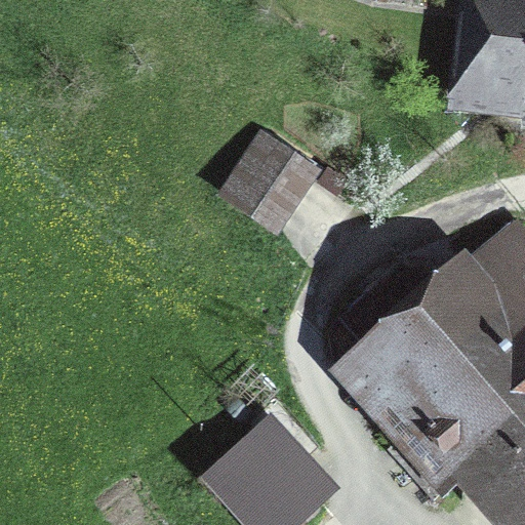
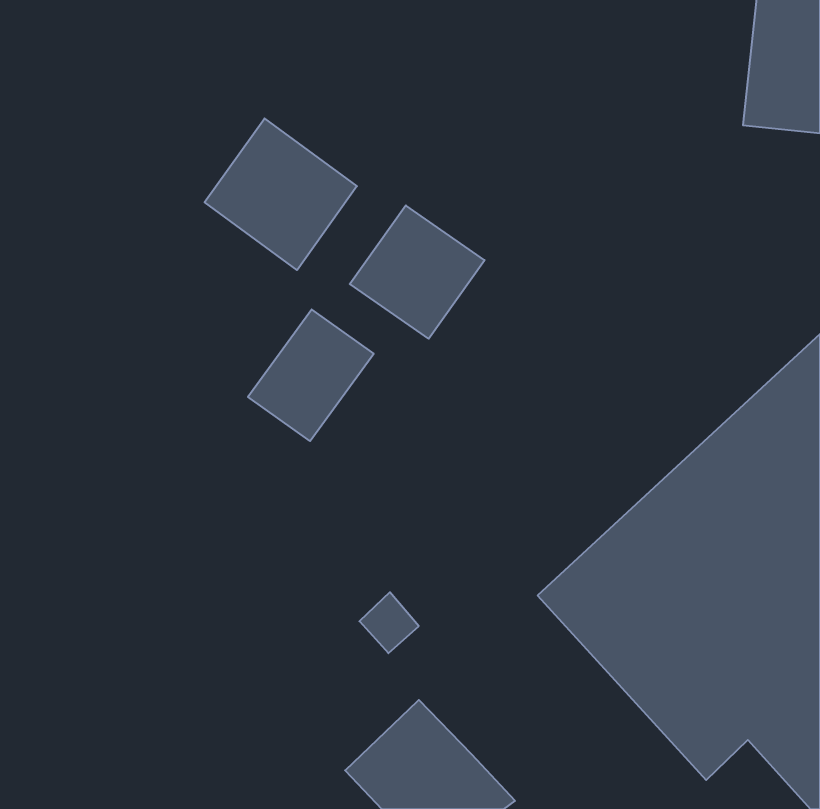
building: none -> [205,118,357,270]
building: none -> [248,309,374,441]

